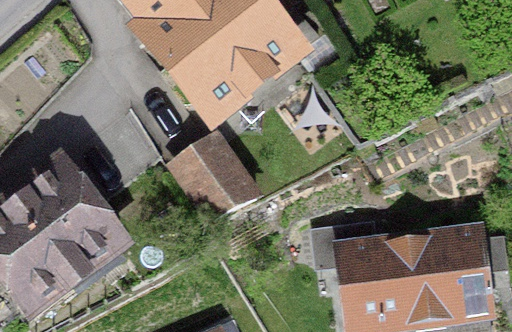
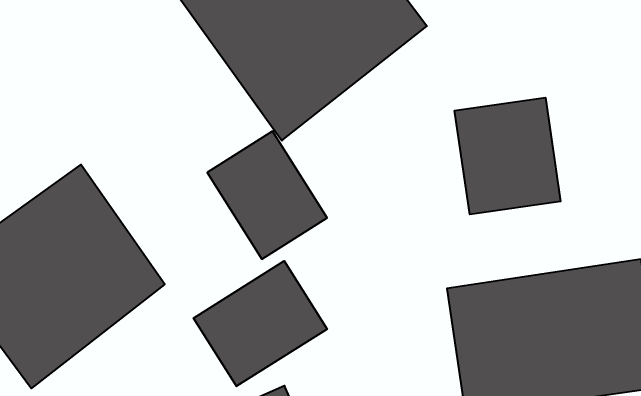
building: none -> [455,98,561,214]
building: none -> [194,261,327,386]

